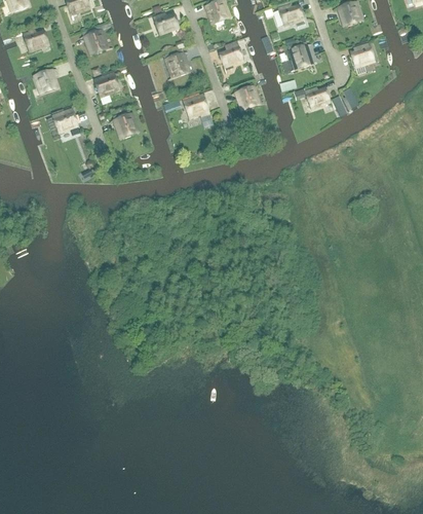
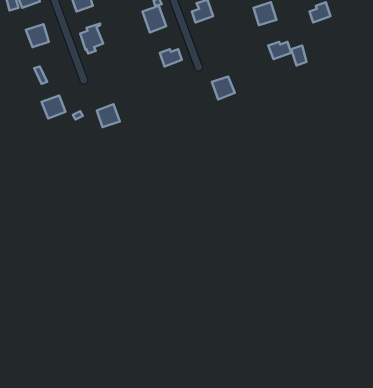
building: [234,84,260,110] -> [212,76,235,99]
building: [51,107,78,133] -> [42,95,65,118]
building: [113,112,139,138] -> [97,104,120,127]

